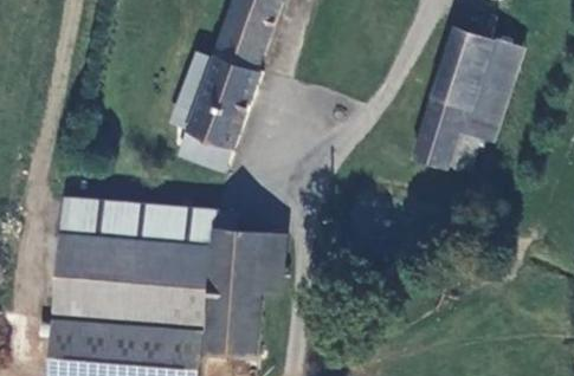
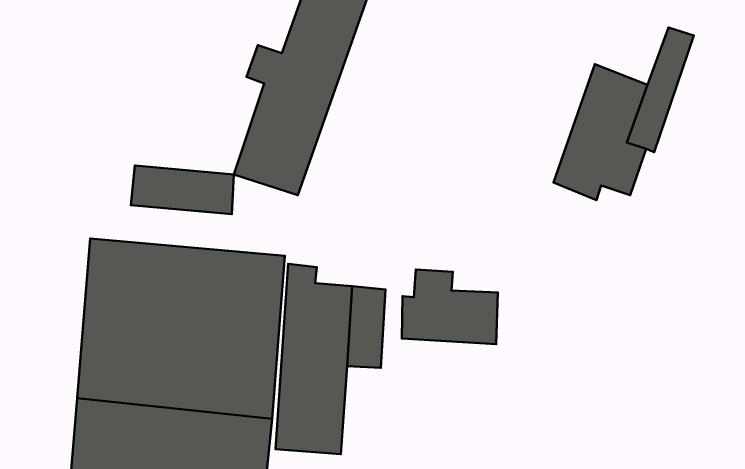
building: [441,28,496,86] -> none
building: none -> [131,166,234,214]
building: none -> [402,269,498,344]

